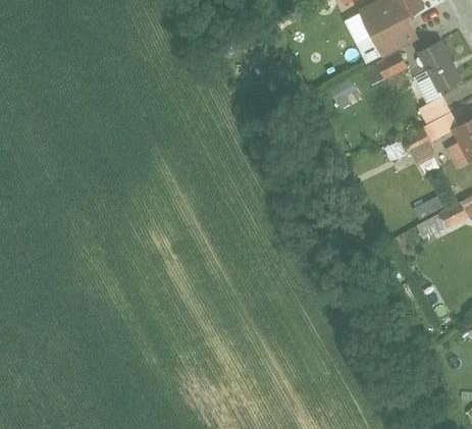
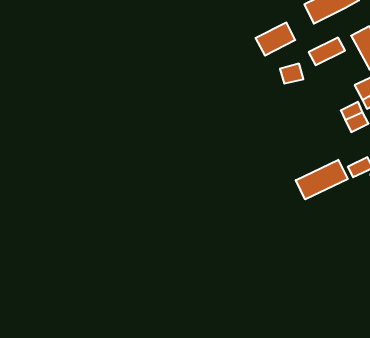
building: [372,18,419,57] -> [255,23,295,56]
building: none -> [296,160,348,199]

